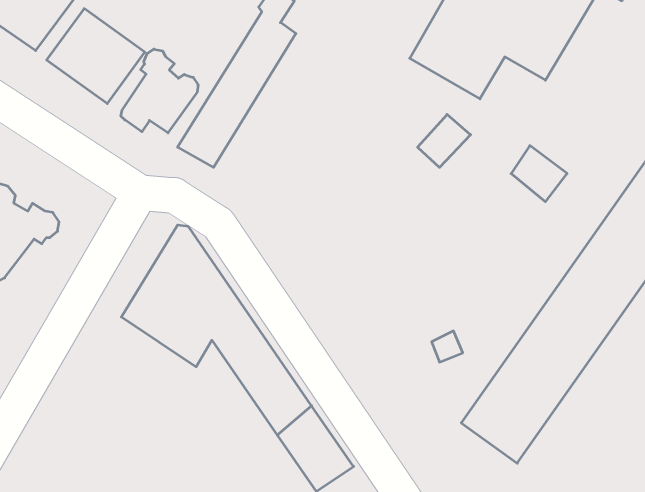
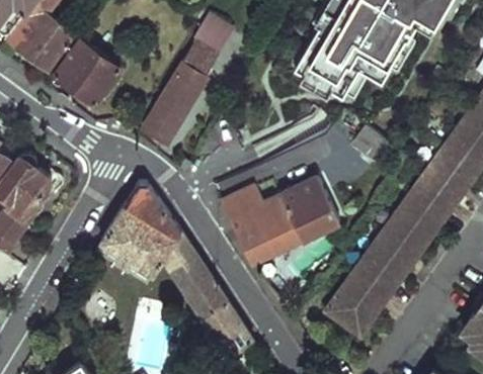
building: [121,49,198,133] -> none
building: none -> [220,180,338,267]

